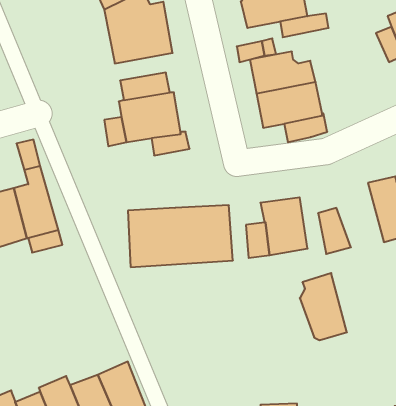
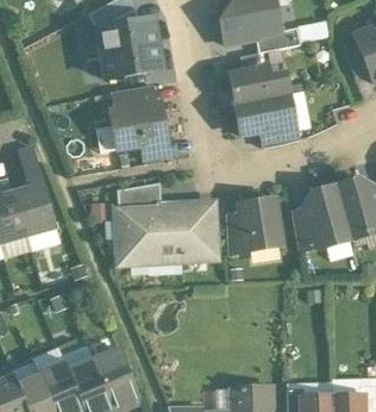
building: none -> [117,182,161,210]
building: [300,273,347,340] -> [307,185,350,245]

